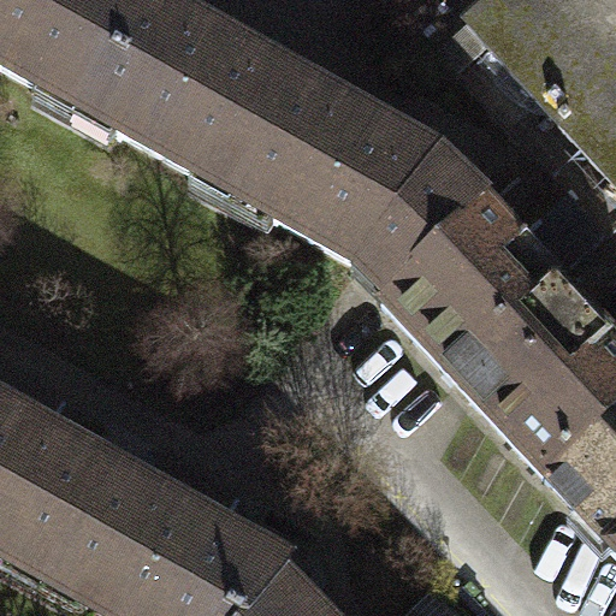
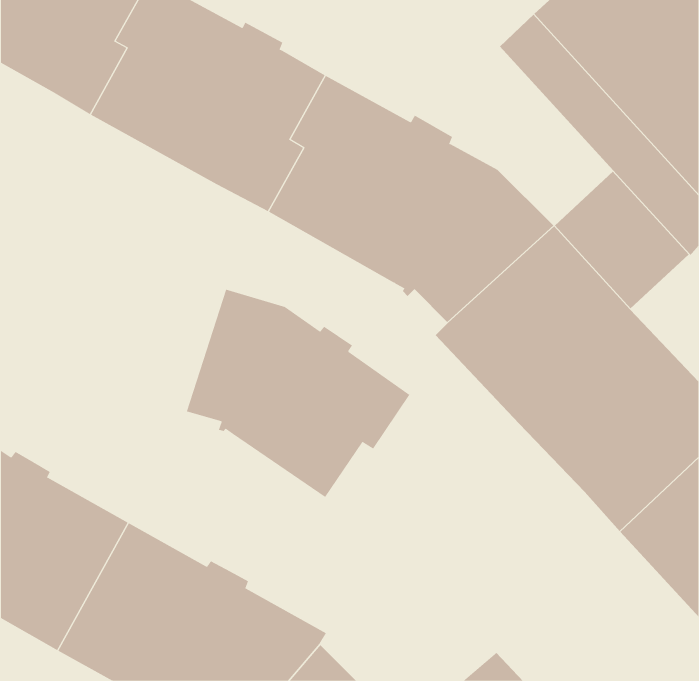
building: none -> [186,289,410,498]

